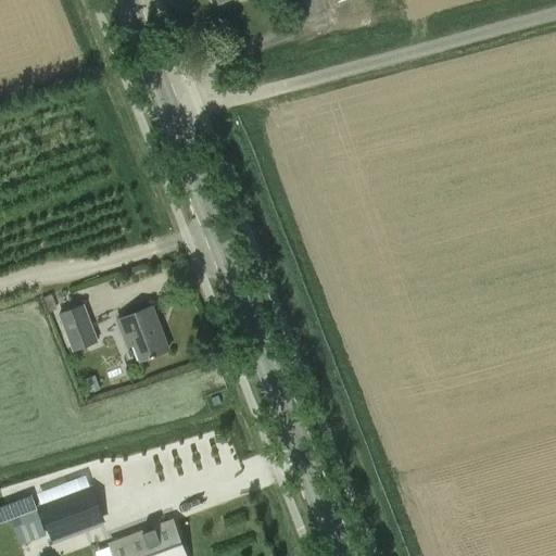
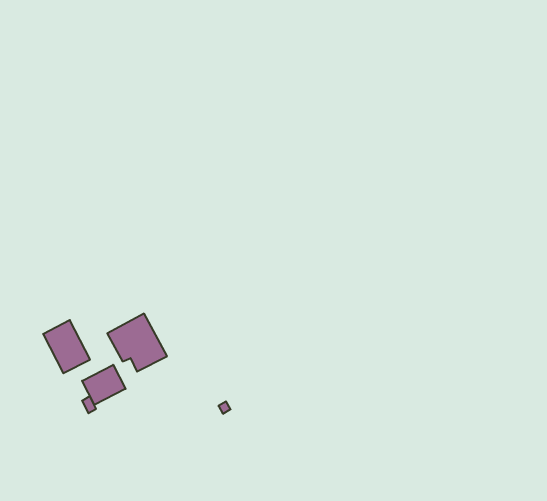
building: none -> [82,365,126,405]

